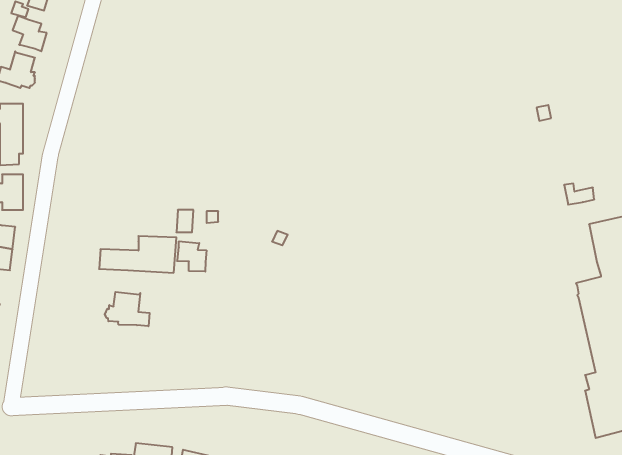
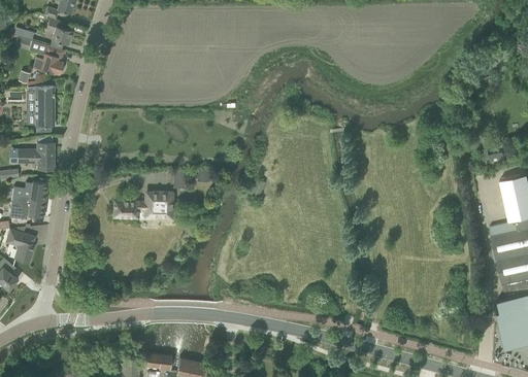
building: [177,241,206,272] -> none
building: [105,292,150,326] -> none

